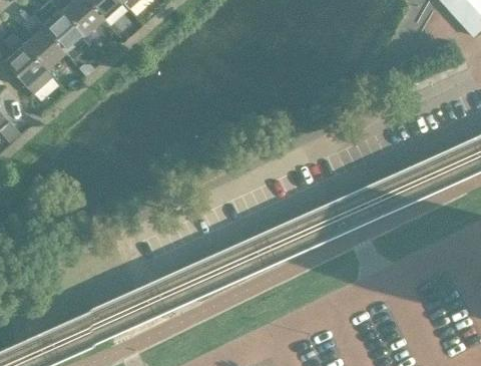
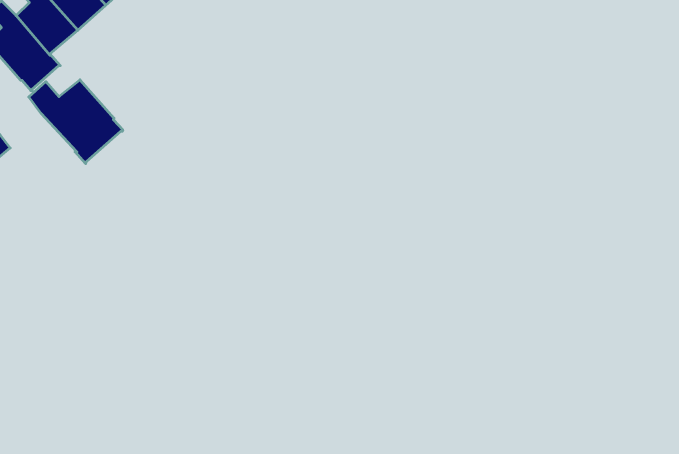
building: none -> [29,80,123,164]

